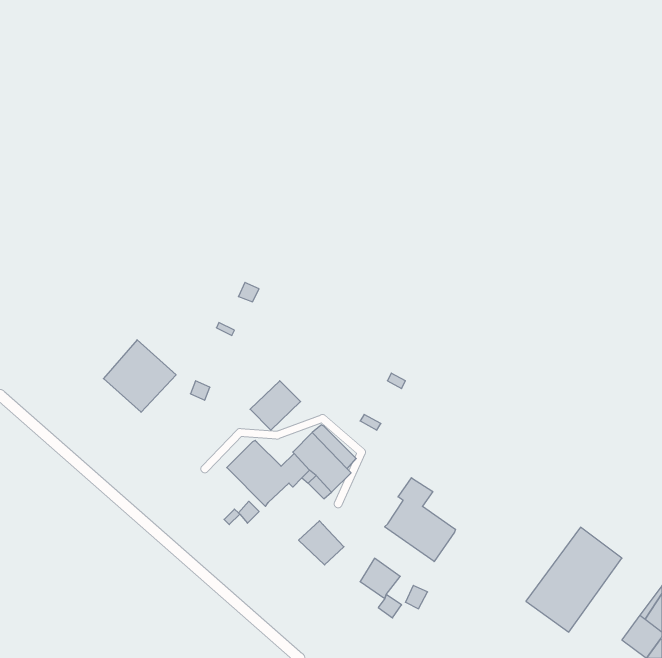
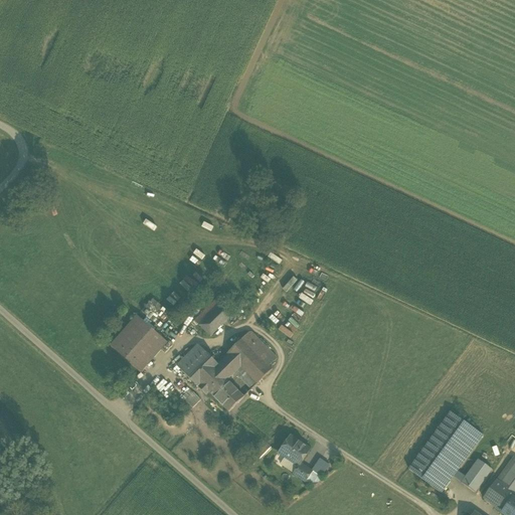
building: [103,340,176,412] -> [111,314,167,370]
building: [385,478,455,562] -> none
building: [299,521,344,565] -> [208,375,243,409]
building: none -> [462,458,492,491]

